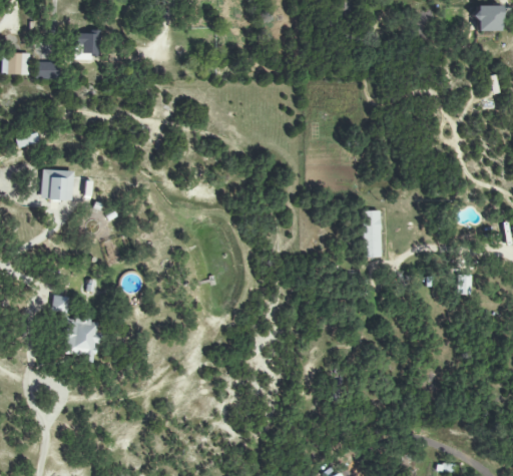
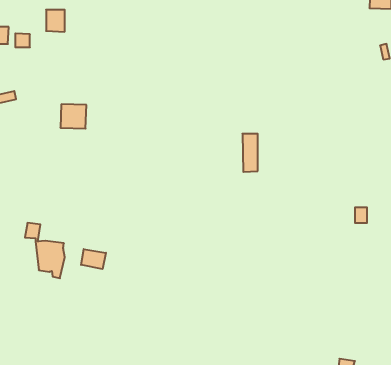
building: [42,169,74,199] -> [60,104,86,129]
building: [363,210,382,258] -> [242,134,258,172]
building: none -> [81,249,106,269]

